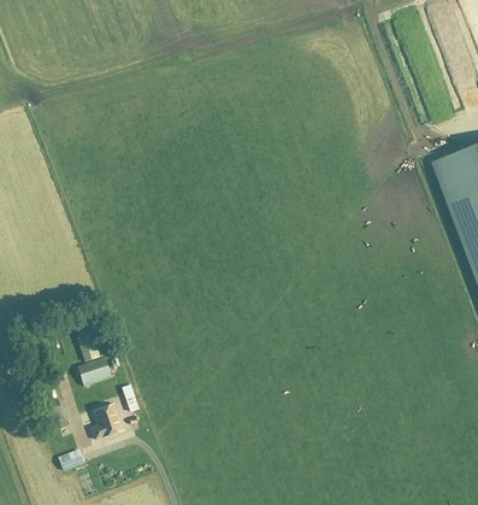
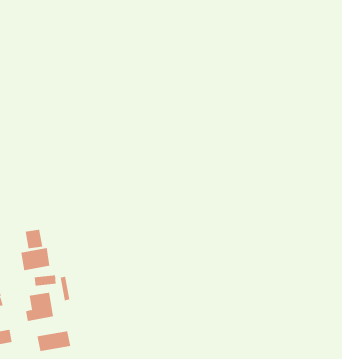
building: none -> [37,331,71,352]

